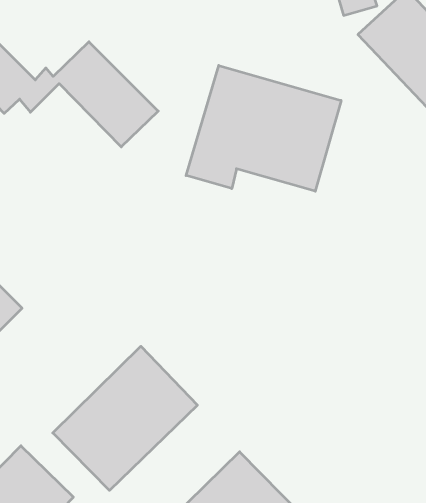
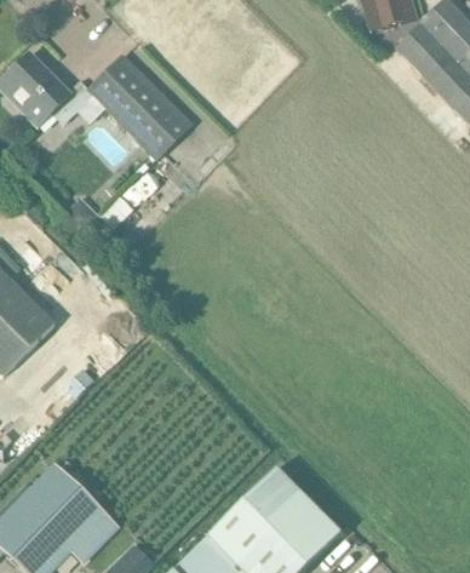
building: [186,65,341,191] -> none
building: [53,346,197,490] -> none

